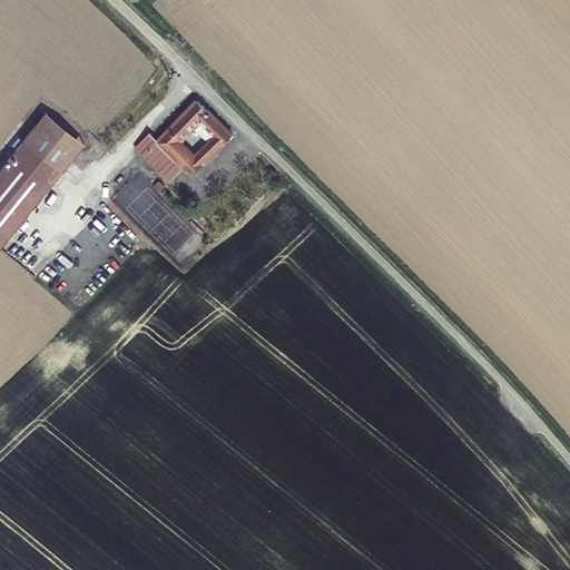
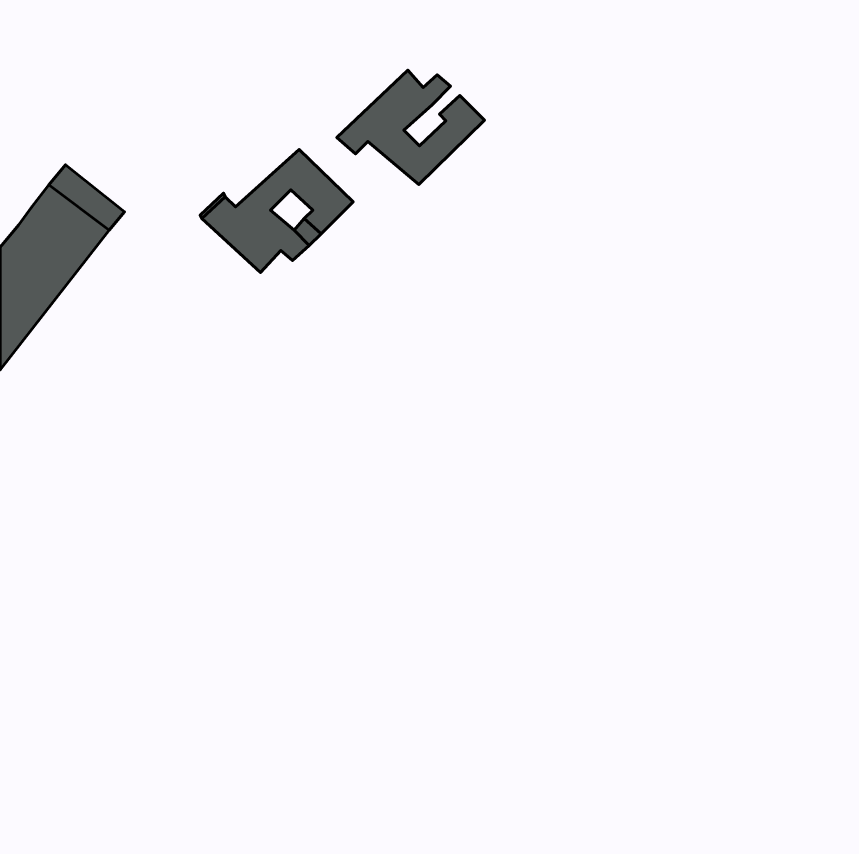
building: none -> [337,70,484,184]

